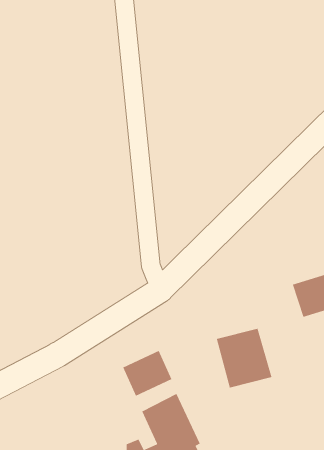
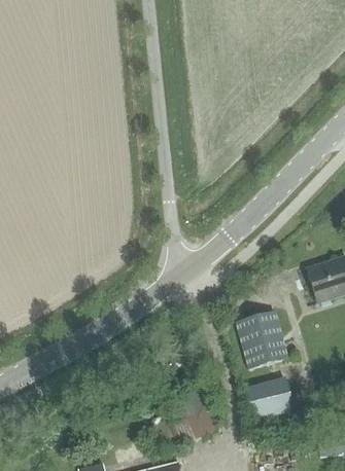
building: [122,350,172,397] -> none
building: none -> [242,377,295,422]

